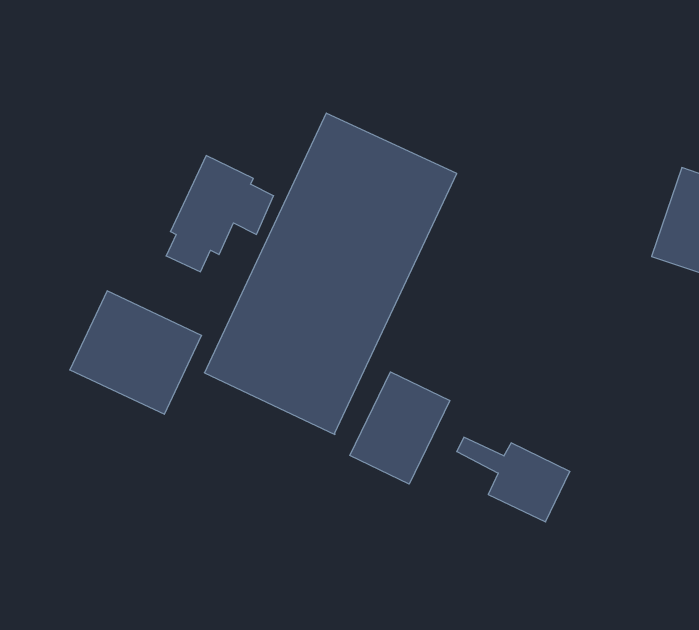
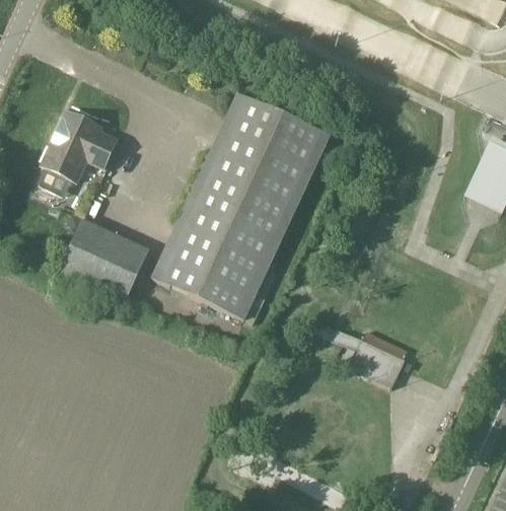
building: [166,156,274,272] -> [41,112,117,194]
building: [350,372,450,484] -> none

